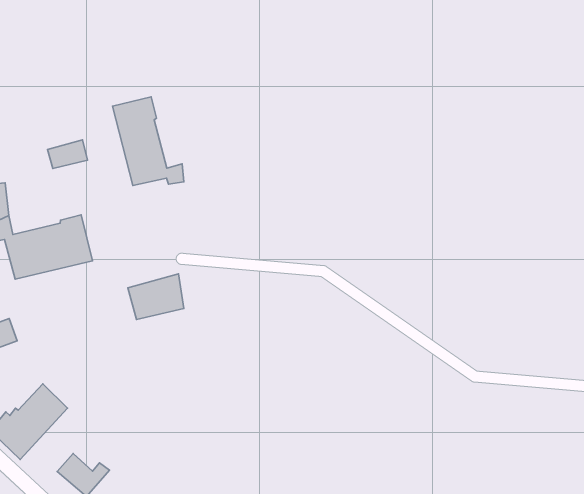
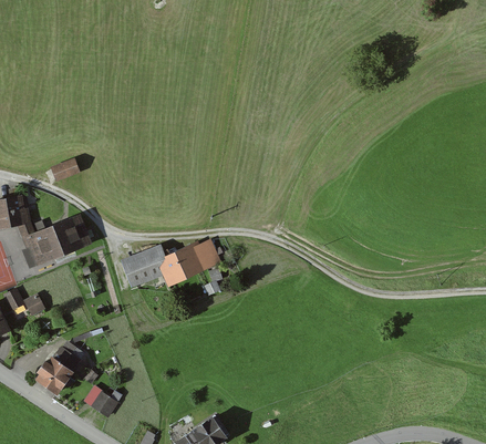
building: [113,97,184,186] -> none
building: none -> [156,241,217,283]

